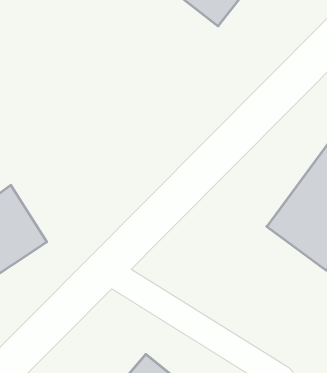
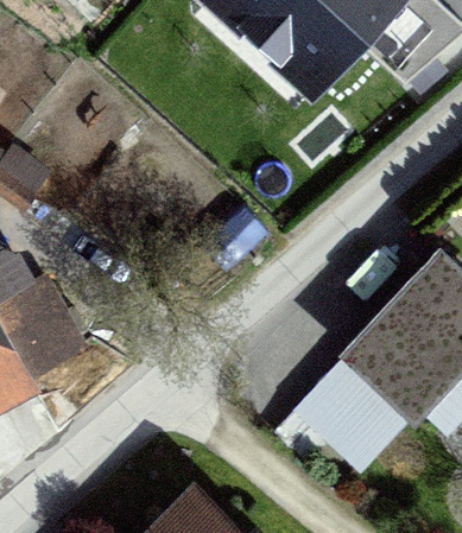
building: none -> [300,362,405,465]

